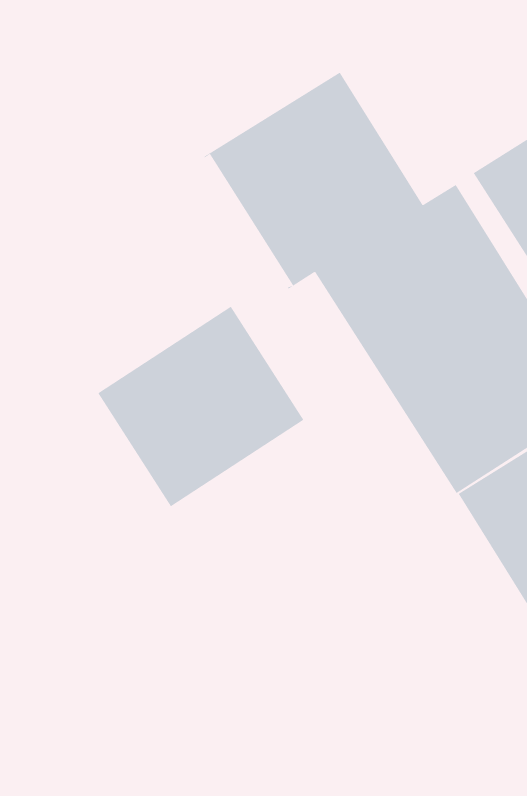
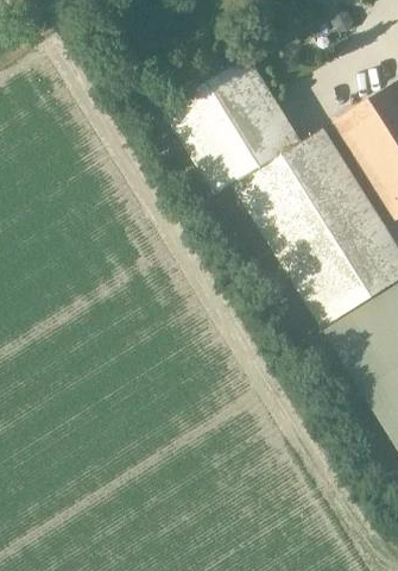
building: [97,306,304,507] -> none

